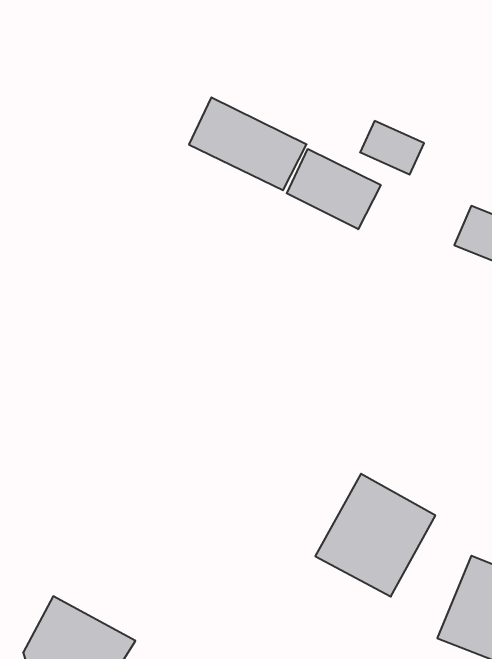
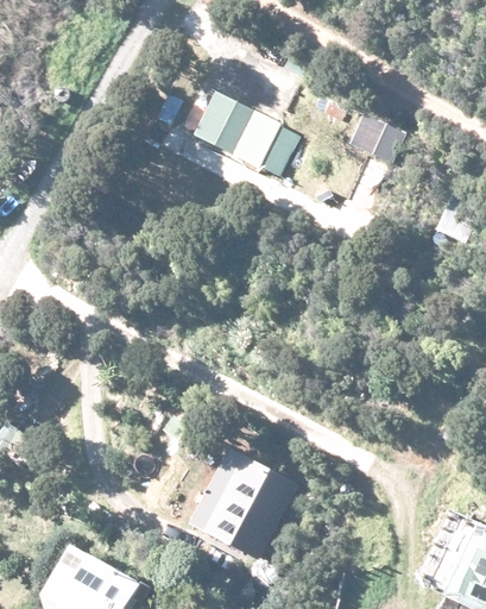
building: [287,149,381,229] -> none
building: [315,474,435,597] -> [189,447,298,559]

